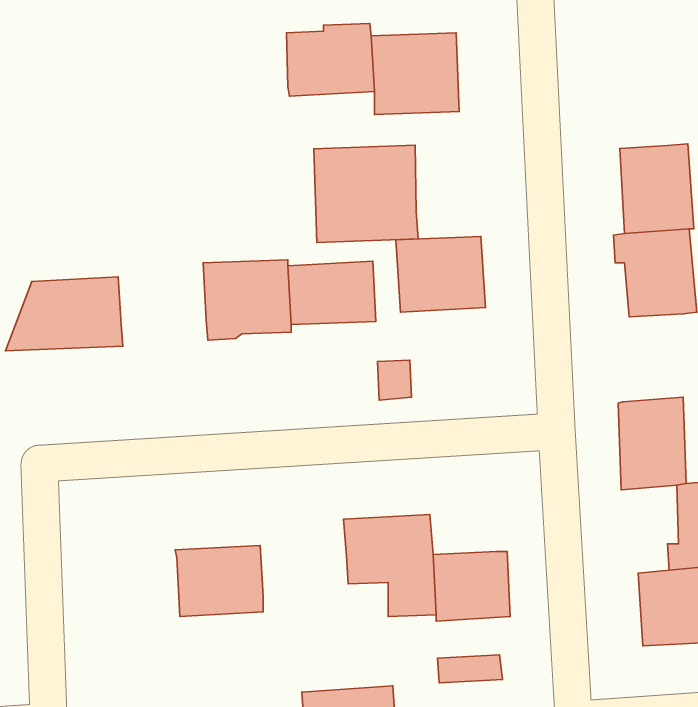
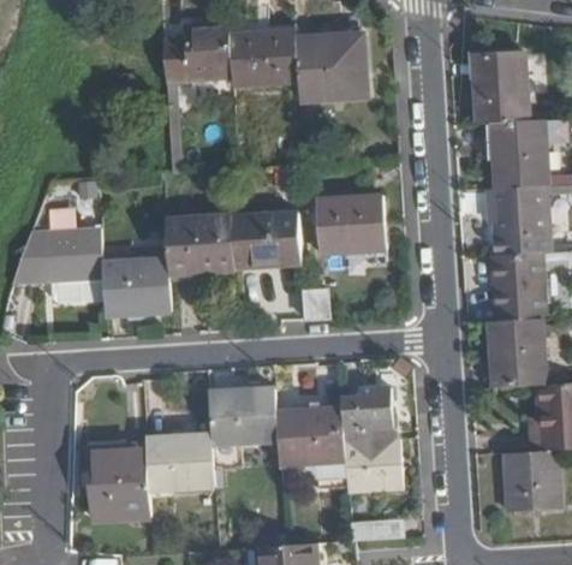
building: none -> [165,19,232,83]
building: none -> [471,53,528,126]
building: [314,145,418,243] -> none
building: none -> [488,254,543,322]
building: none -> [102,258,171,314]
building: none -> [342,387,394,441]
building: none -> [208,391,278,474]
building: none -> [88,444,149,517]

